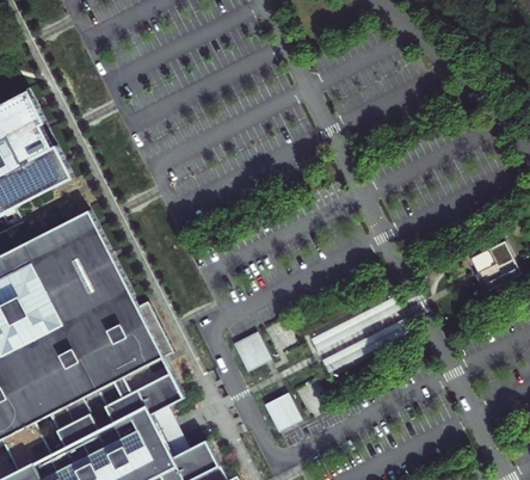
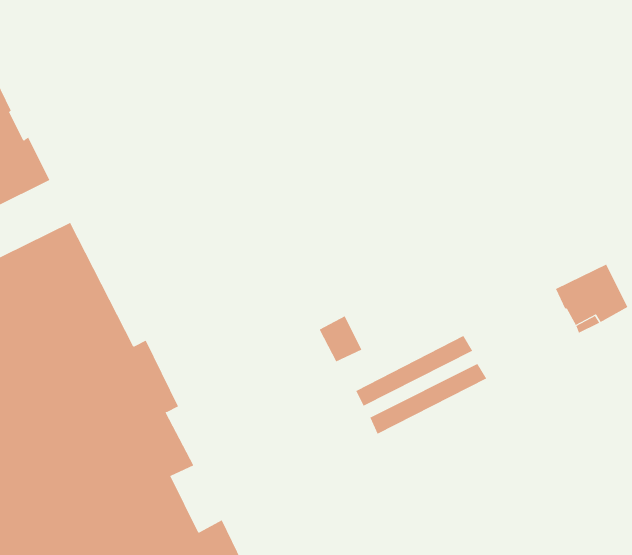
building: [232,334,265,370] -> [319,316,362,362]
building: [263,396,297,432] -> none

